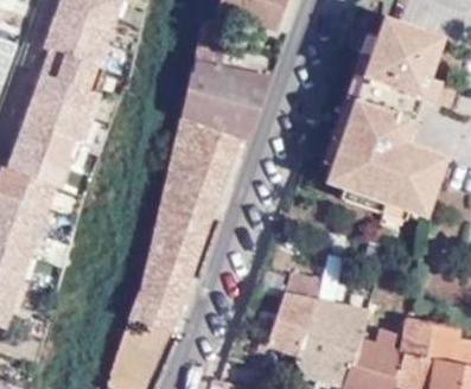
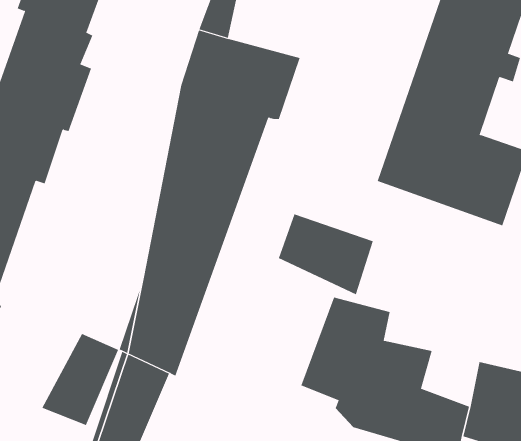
building: none -> [278,213,374,295]
building: none -> [42,333,119,426]

